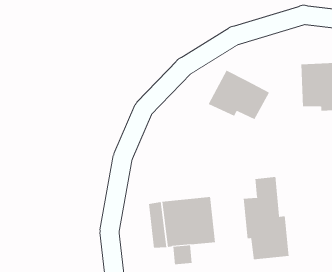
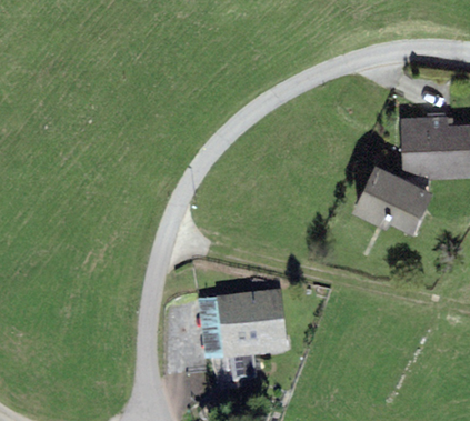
building: [208,70,270,120] -> [350,159,432,225]
building: [243,176,289,260] -> none

